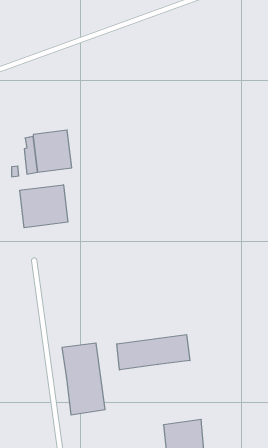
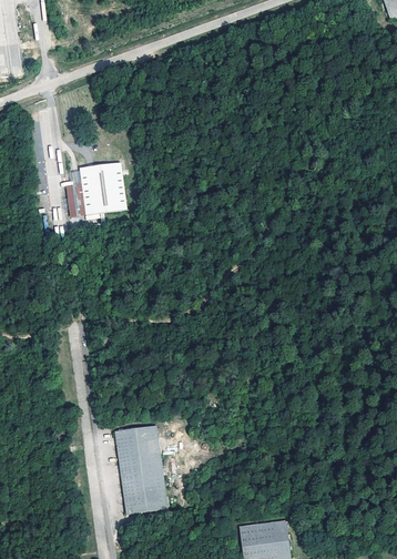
building: [20,185,68,228] -> none
building: [117,335,190,370] -> none

